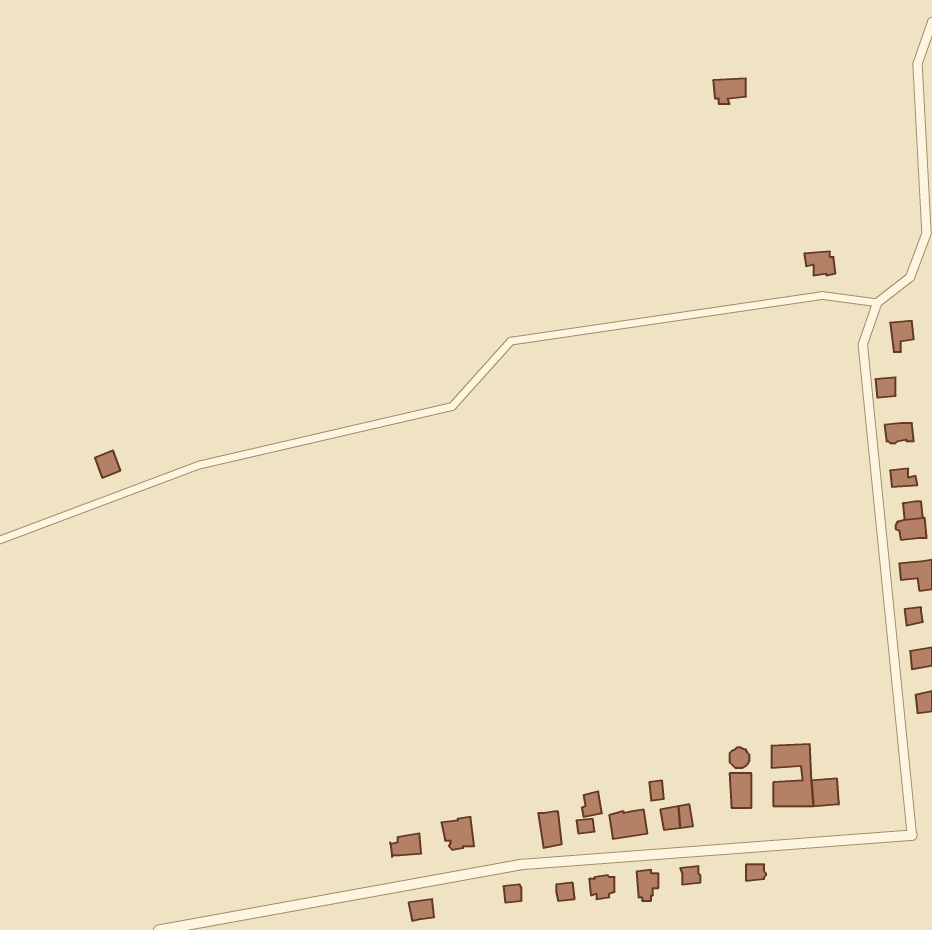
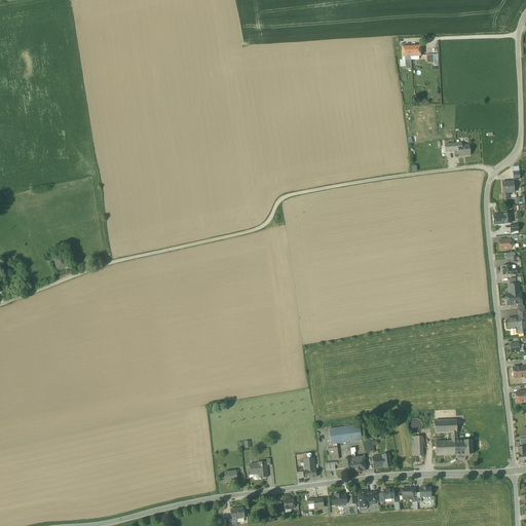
building: none -> [329,423,362,444]

